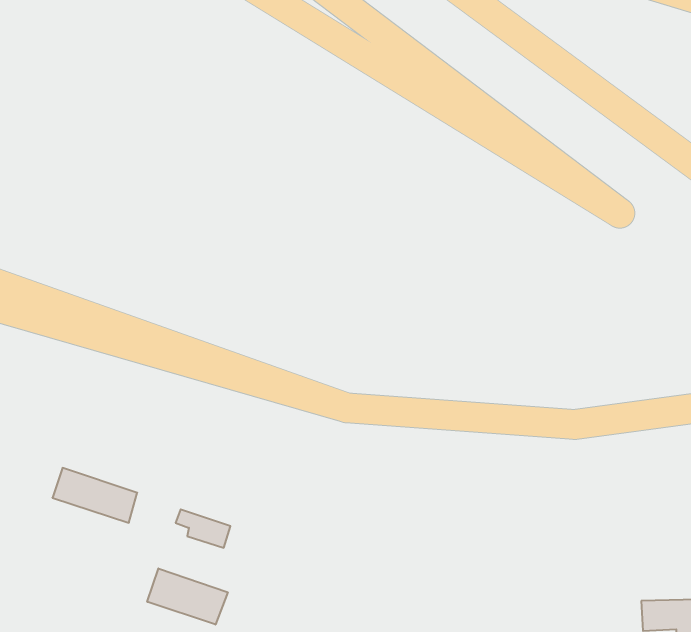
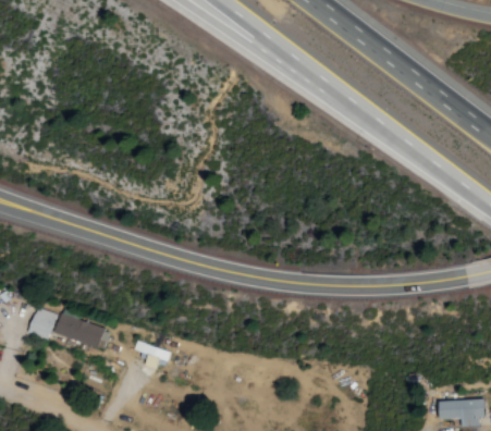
building: none -> [28,307,57,340]
building: [147,568,228,625] -> none

